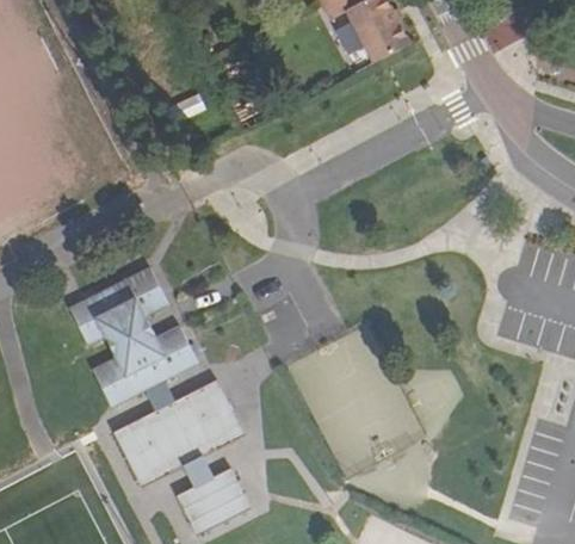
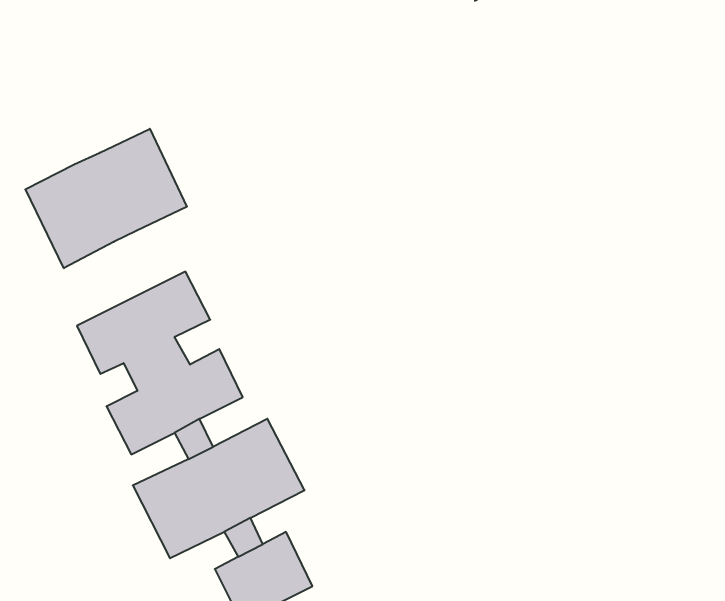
building: none -> [25,129,187,268]

